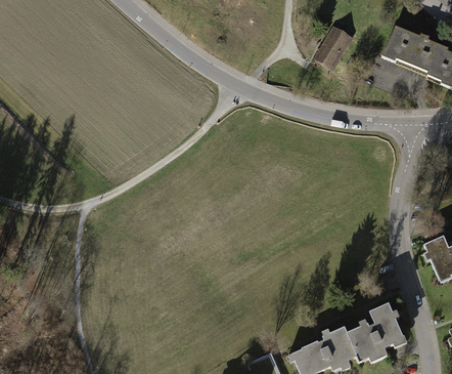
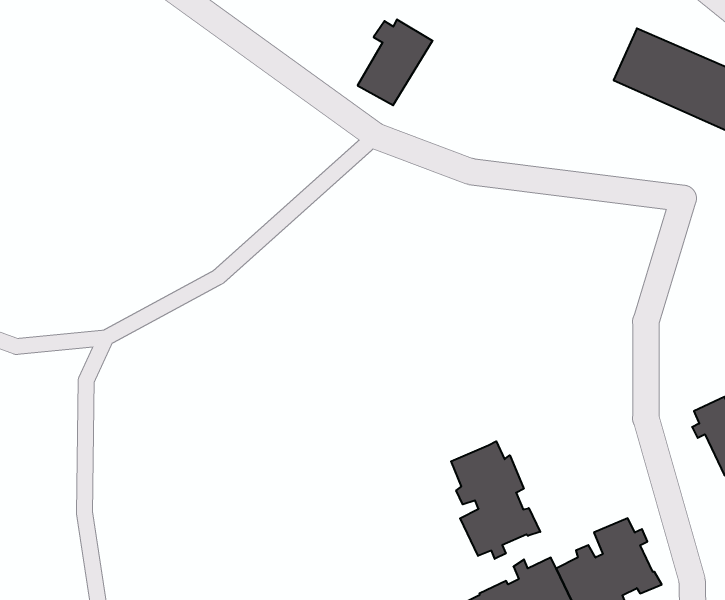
building: [311,24,354,73] -> [358,19,433,105]
building: none -> [451,441,540,559]

